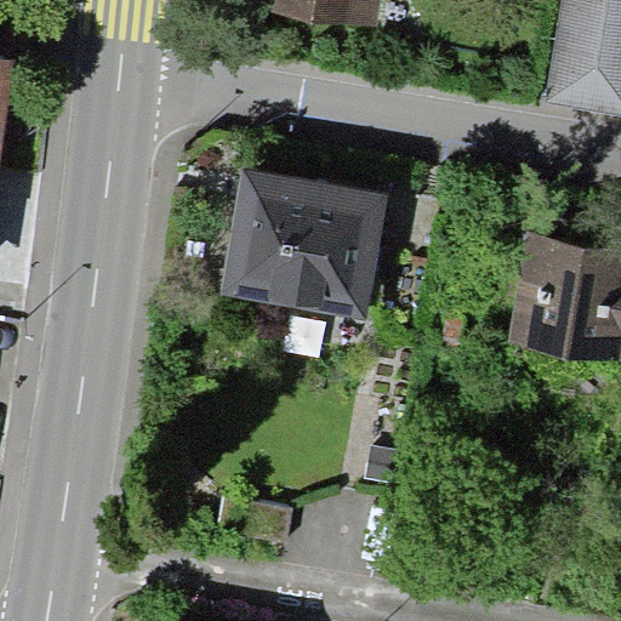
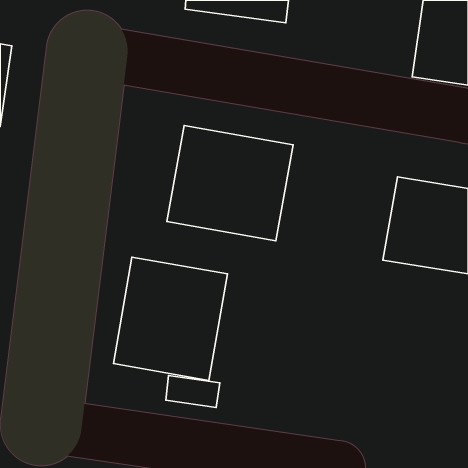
building: none -> [114,257,227,380]

